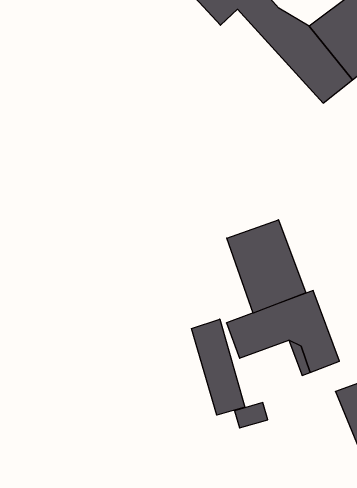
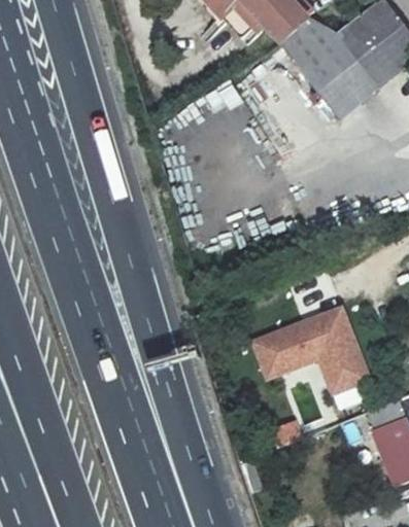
building: [227,220,306,313] -> none
building: [191,319,245,415] -> none

